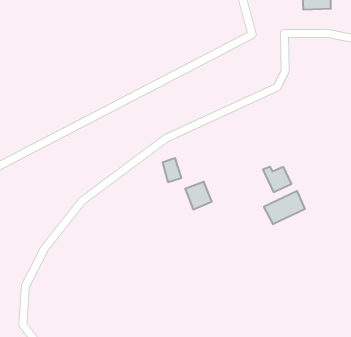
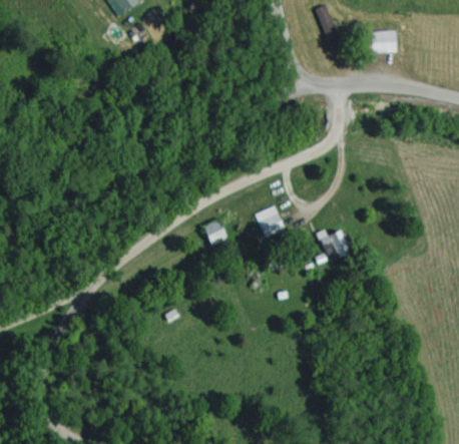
building: [185,182,212,210] -> [256,205,286,237]
building: [264,191,305,224] -> none

